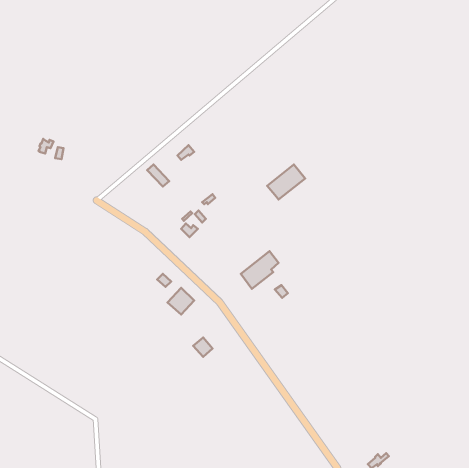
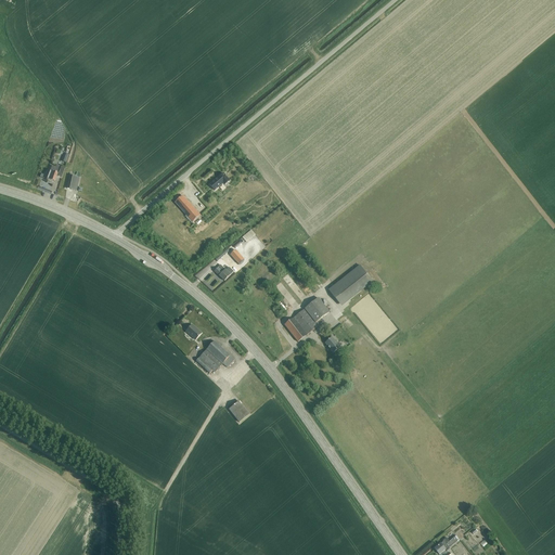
building: [267,165,305,200] -> [327,263,372,305]

